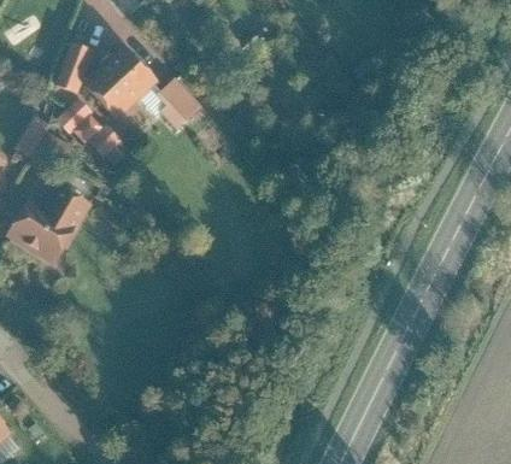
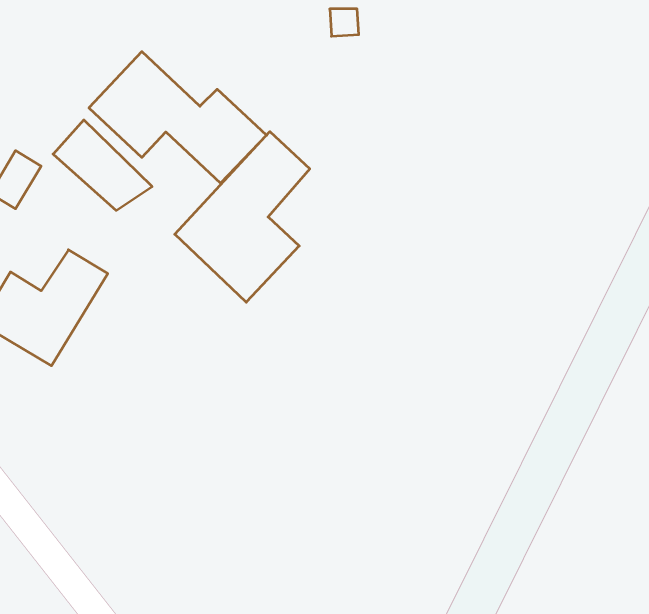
building: [53,41,93,93] -> none
building: none -> [175,132,310,302]

